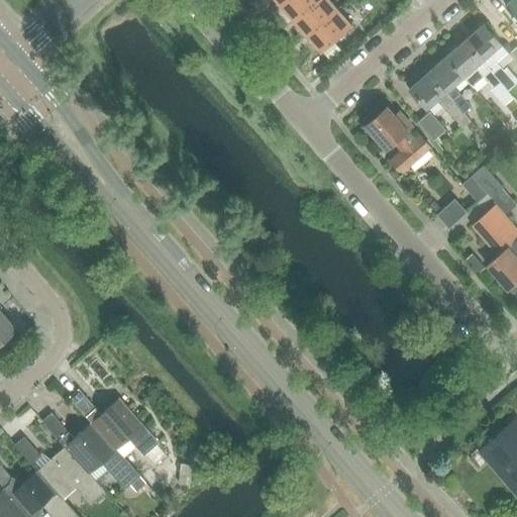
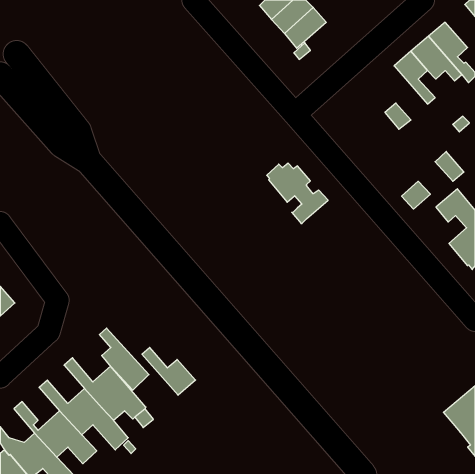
building: [408,73,471,128] -> none
building: [364,108,430,174] -> [267,163,328,224]
building: none -> [99,328,149,390]
building: none -> [142,347,196,395]

